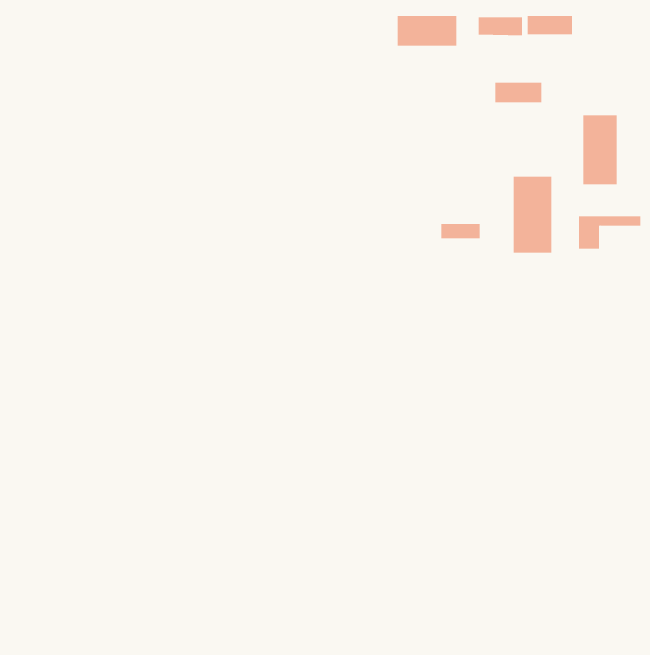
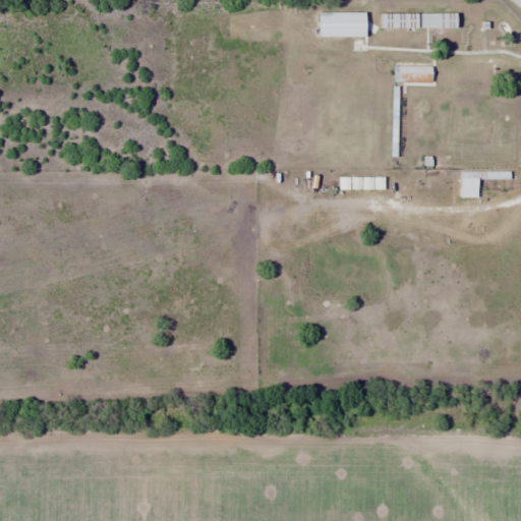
building: [583,114,617,185] -> none
building: [513,176,552,254] -> none

